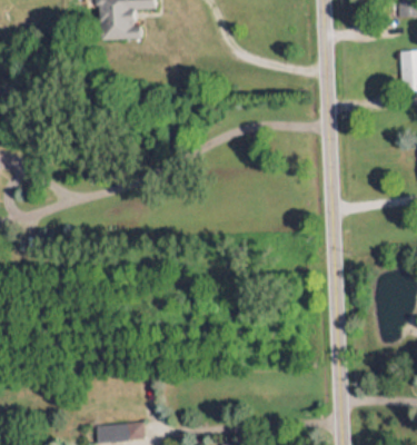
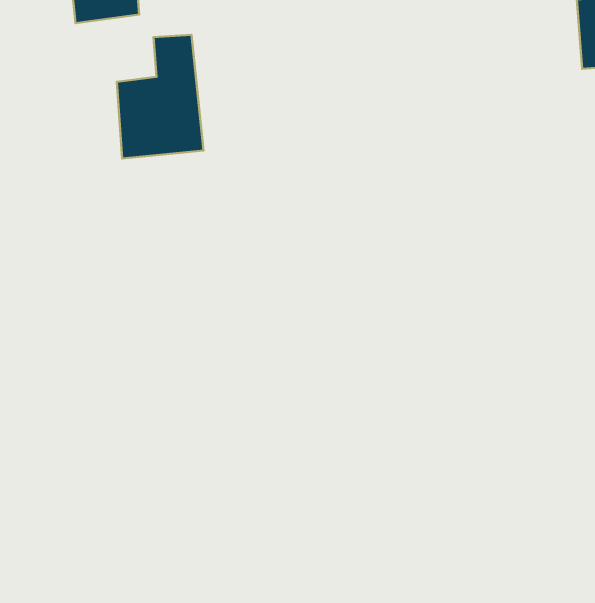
building: none -> [117,35,203,159]

